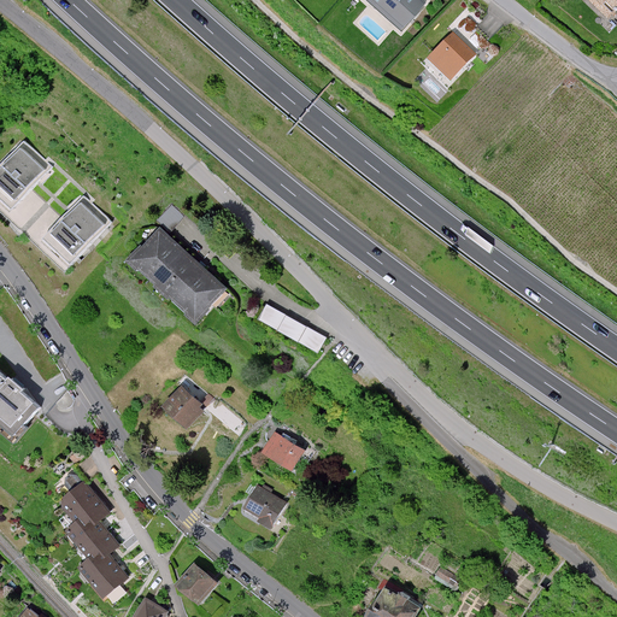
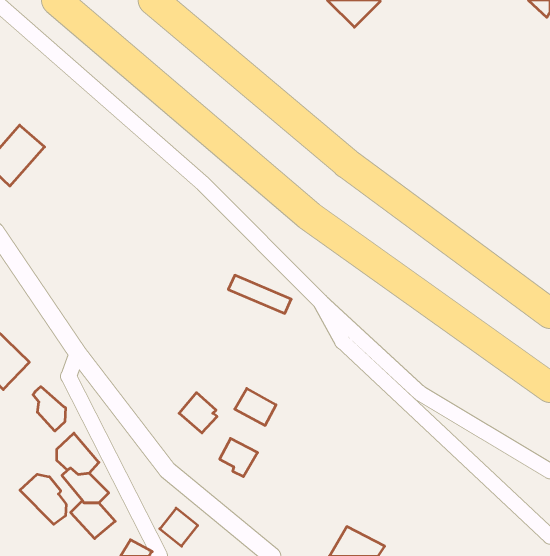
building: [423,34,470,80] -> none
building: [42,195,107,262] -> none
building: [127,227,227,322] -> none
building: [163,383,205,428] -> [179,393,217,433]
building: none -> [33,387,65,431]
building: none -> [20,474,66,524]

